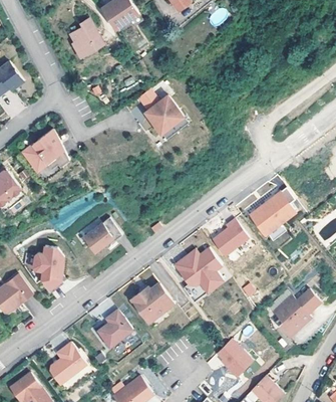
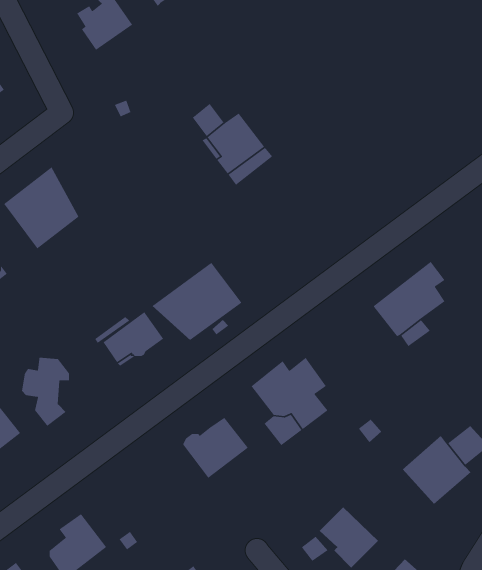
building: none -> [152,262,242,341]
building: [212,218,249,255] -> none
building: [97,309,133,347] -> none

